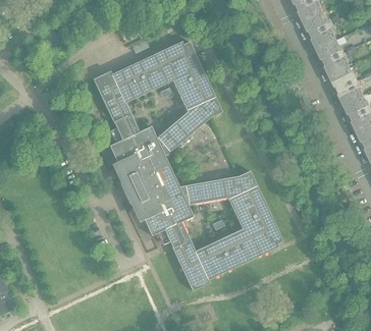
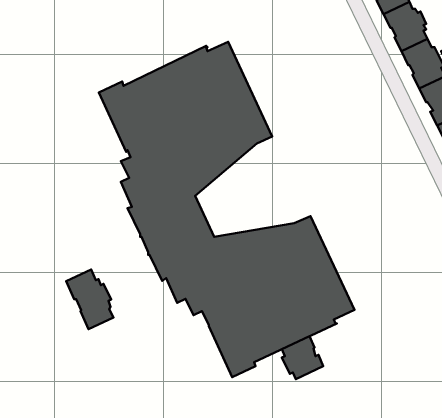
building: none -> [66,269,114,329]
building: none -> [282,336,323,379]

